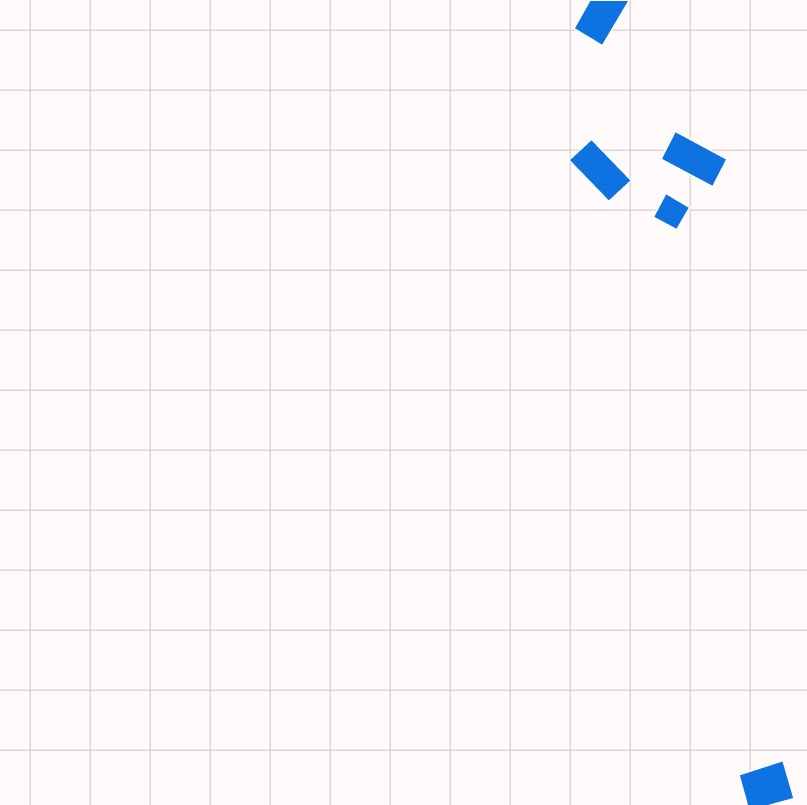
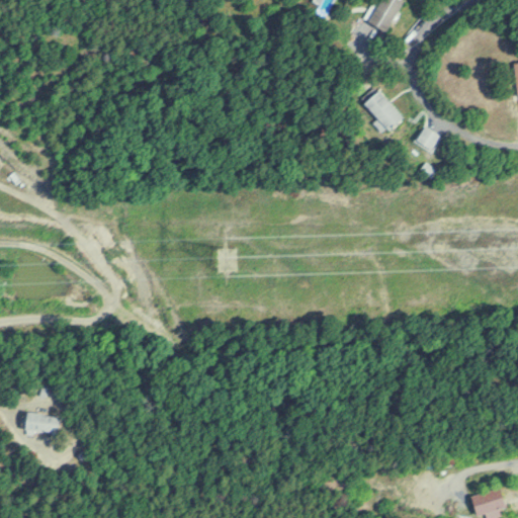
building: [661,131,727,187] -> none
building: none -> [30,415,64,433]

